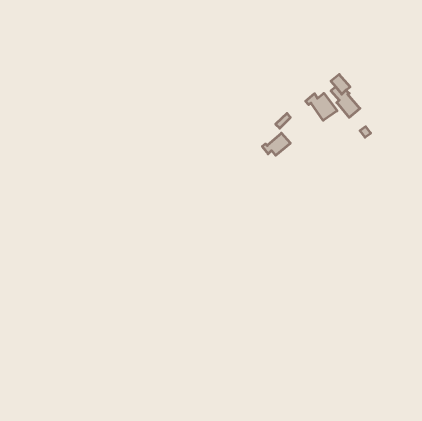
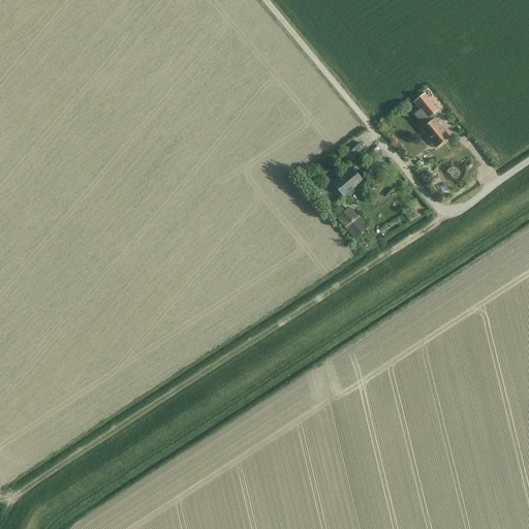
building: [306,93,337,120] -> none
building: none -> [339,207,368,237]

